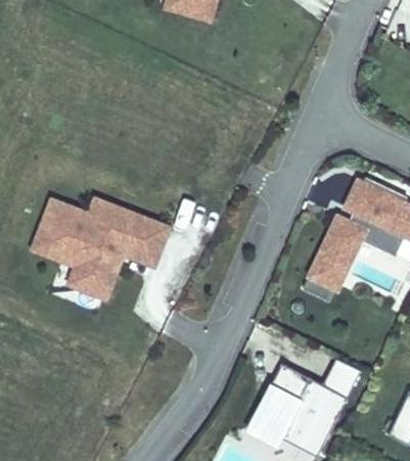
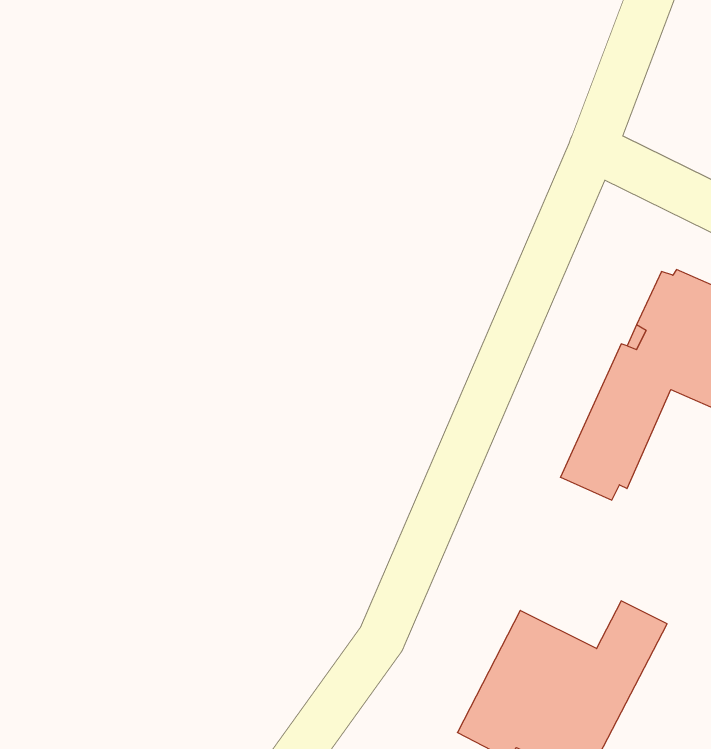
building: [34,201,165,294] -> none

